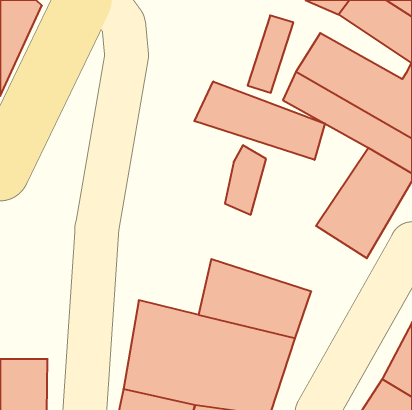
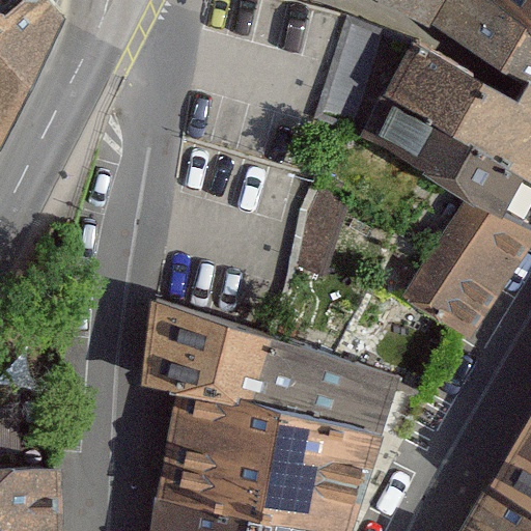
building: [194,81,325,160] -> none
building: none -> [147,303,272,408]

